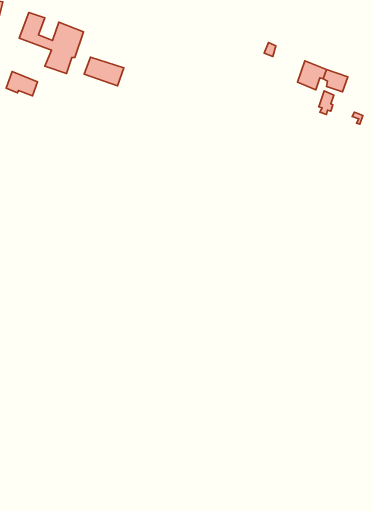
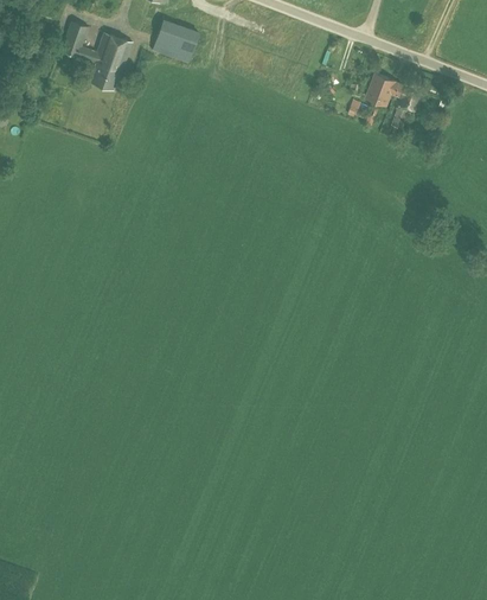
building: [84,57,124,86] -> [152,28,196,60]
building: [6,71,38,96] -> none

